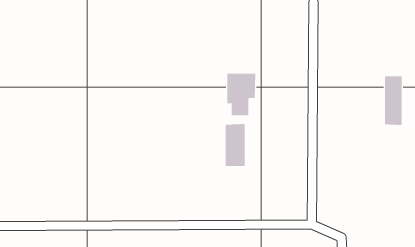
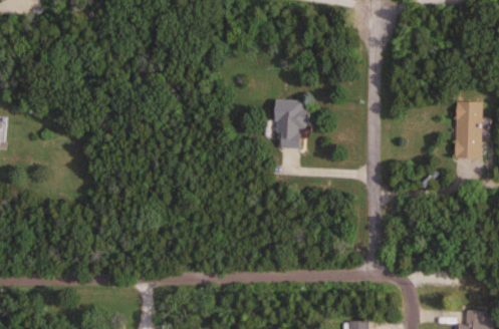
building: [225,123,245,167] -> none

